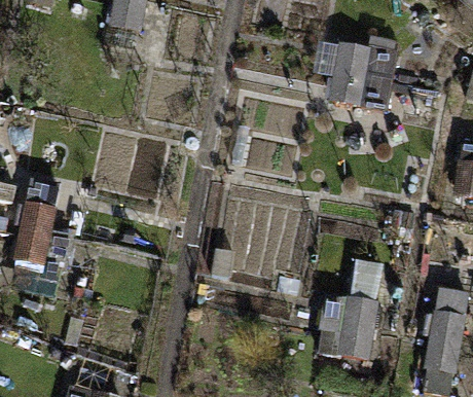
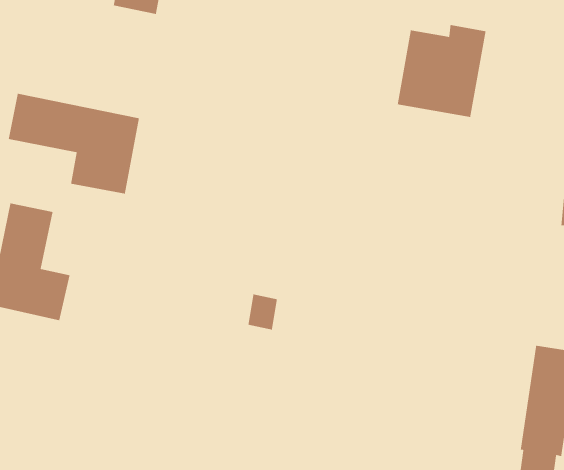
building: none -> [8,93,140,194]
building: [315,294,377,361] -> none

